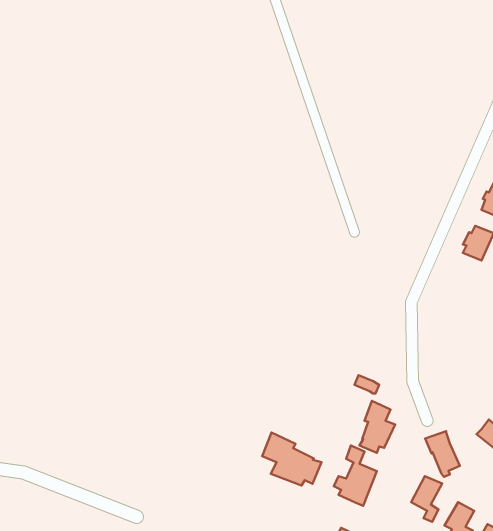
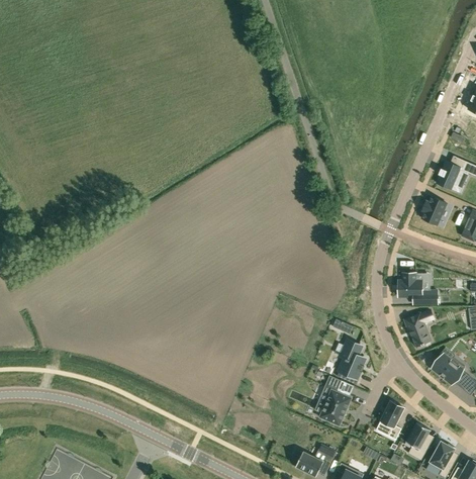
building: none -> [398,273,438,303]
building: [425,431,460,477] -> [403,312,432,350]
building: [262,432,322,486] -> none

